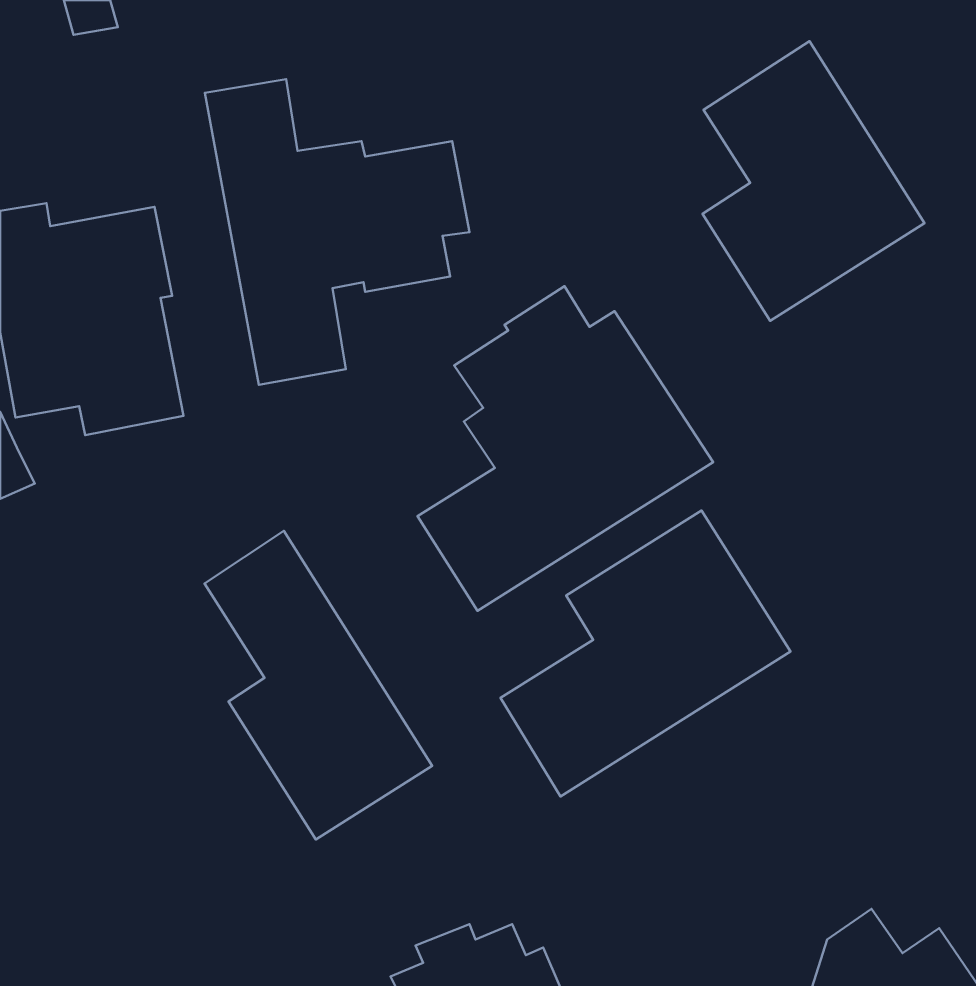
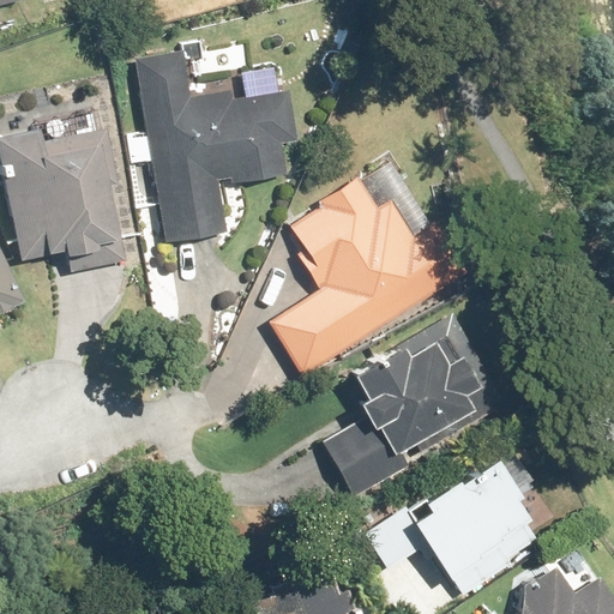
building: [702,41,925,321] -> none
building: [204,531,432,839] -> none
building: none -> [361,457,534,597]

